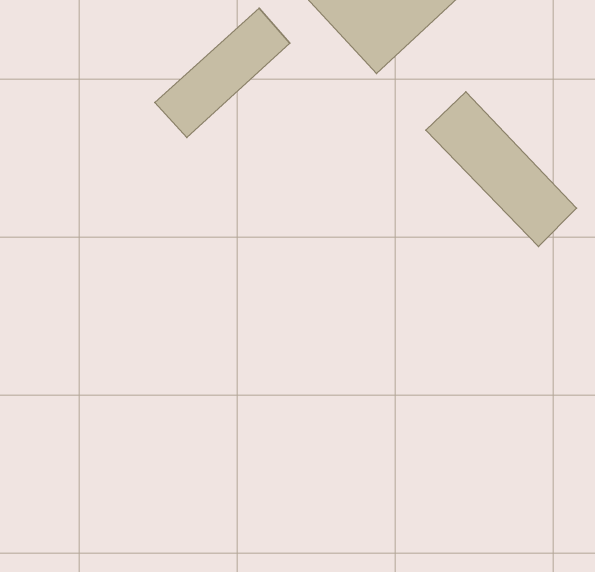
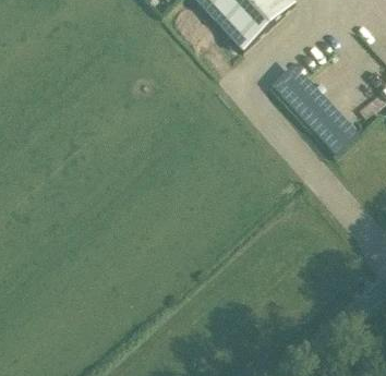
building: [155,8,290,138] -> none

